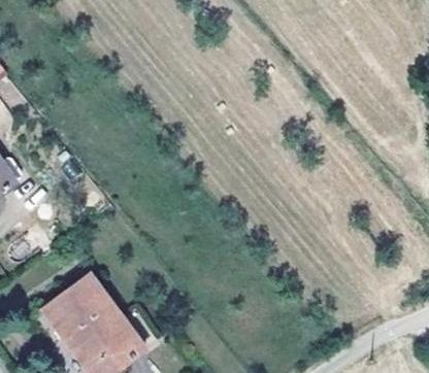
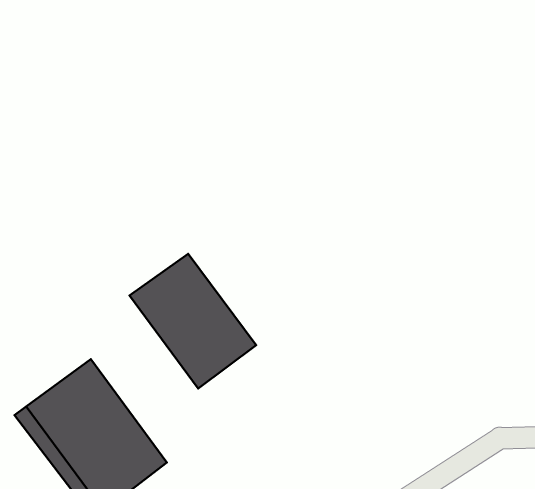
building: none -> [129,254,256,389]

